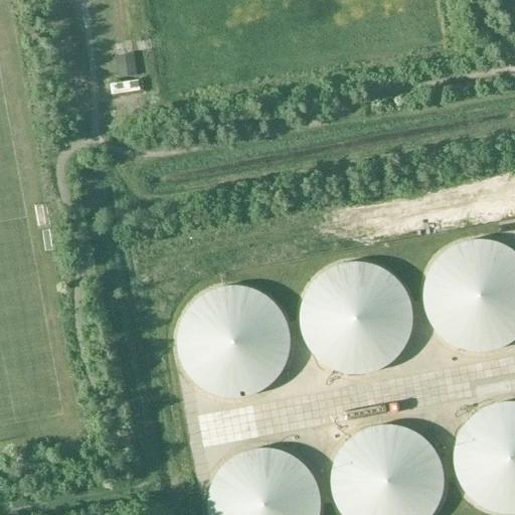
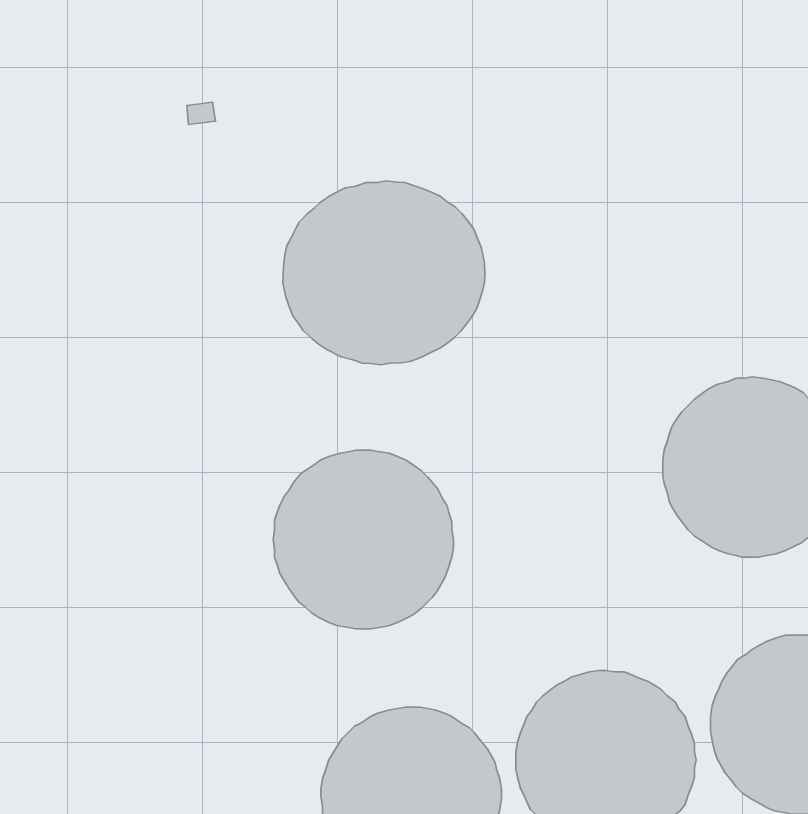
building: none -> [283,181,485,365]
building: [300,262,413,375] -> none

